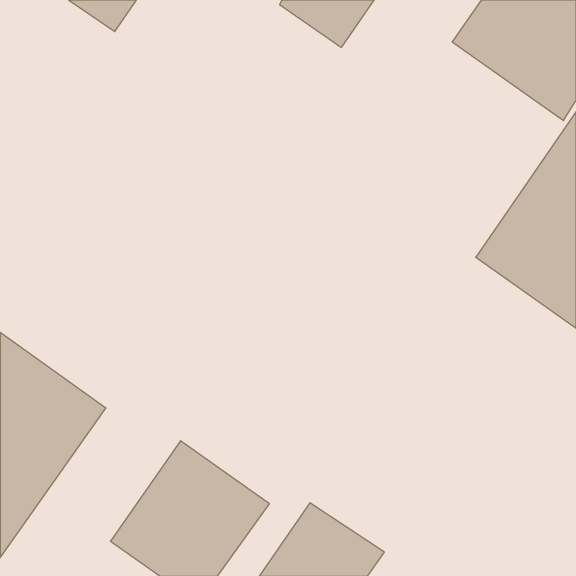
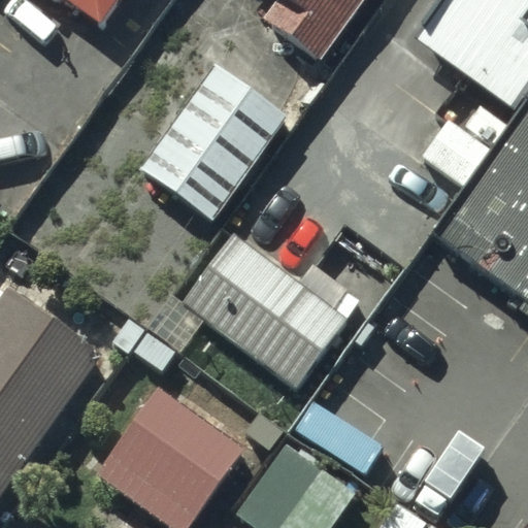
building: none -> [139,39,272,182]
building: none -> [177,211,339,360]

